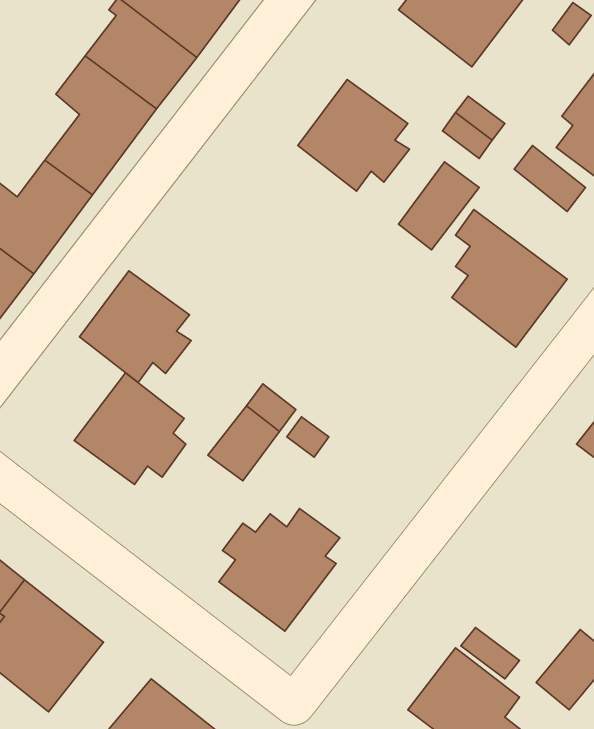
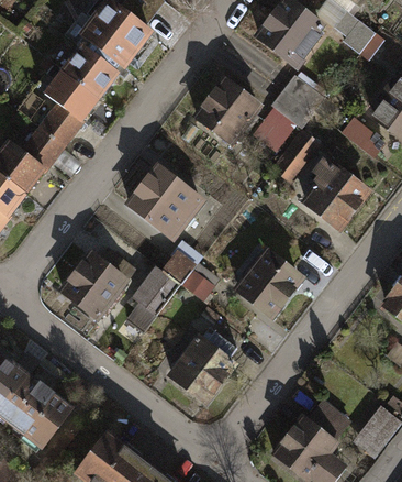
building: [79,271,191,383] -> [134,157,201,224]
building: none -> [221,244,290,315]

